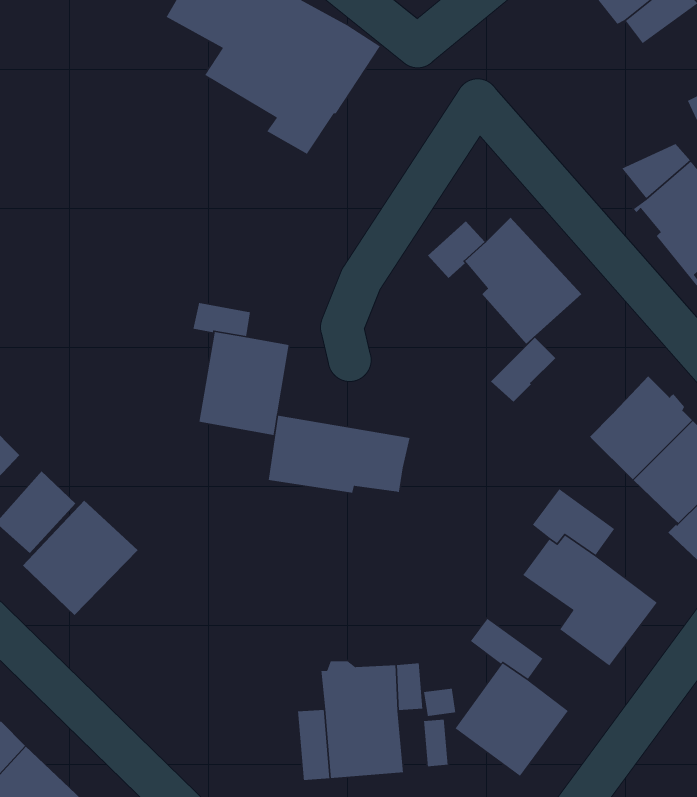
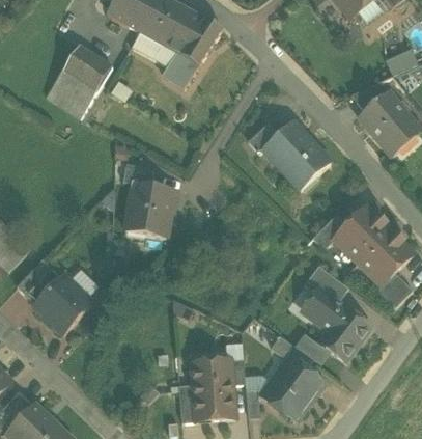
building: none -> [46,45,112,116]
building: [490,337,556,403] -> [312,214,347,249]
building: [268,415,410,494] -> none

